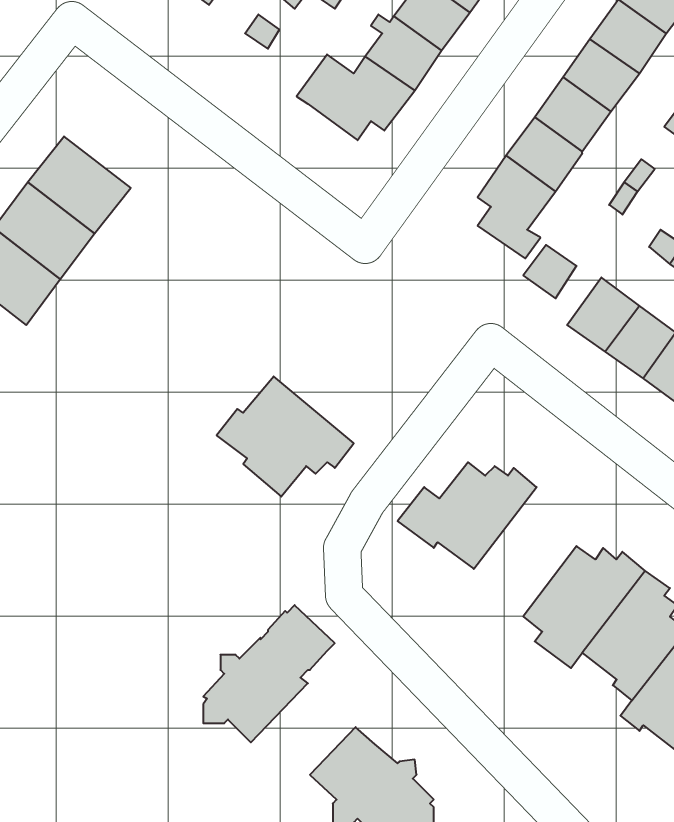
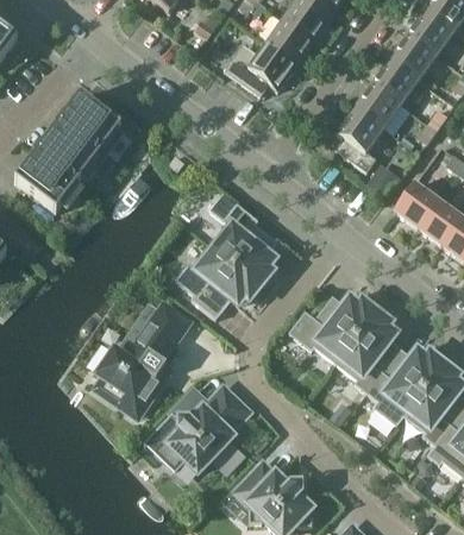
building: none -> [211,190,278,283]
building: none -> [98,300,192,411]
building: none -> [337,310,401,391]

